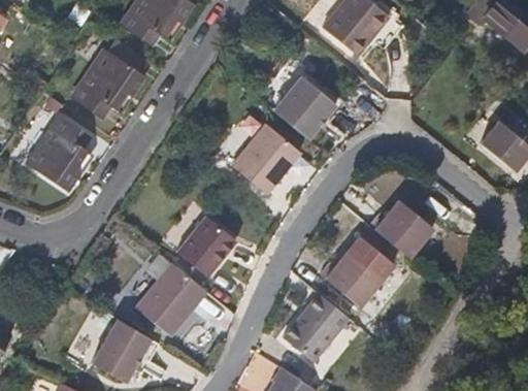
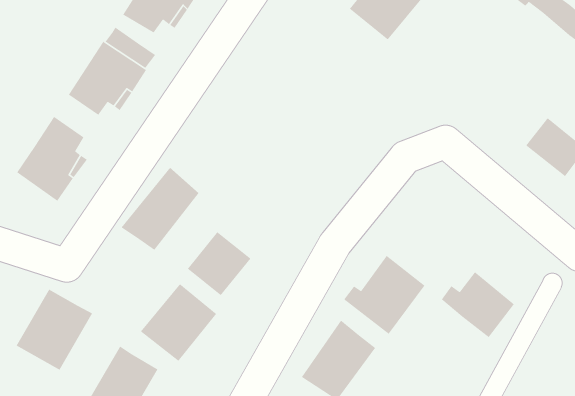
building: [274,71,337,135] -> none
building: [231,124,300,194] -> none
building: none -> [120,167,199,251]
building: [365,199,430,258] -> [441,271,515,338]
building: none -> [16,289,93,371]

